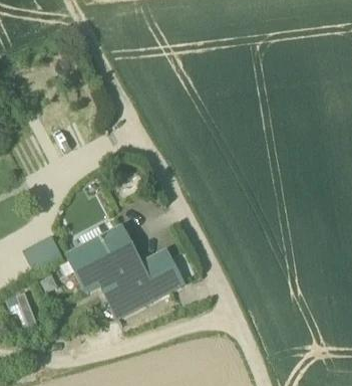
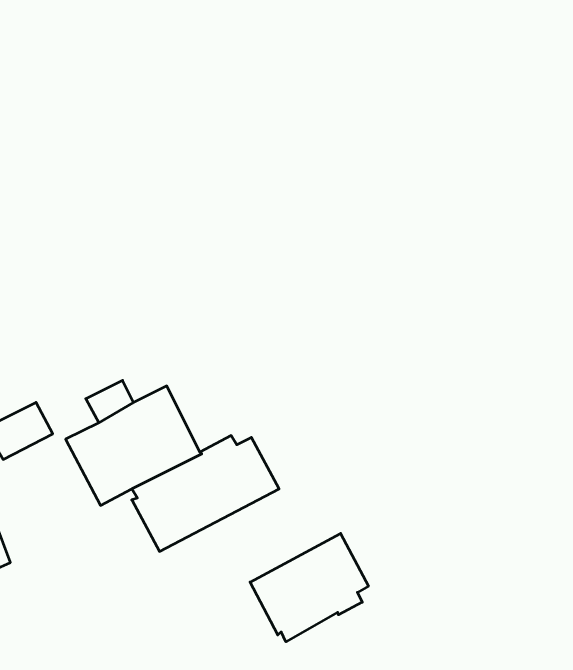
building: none -> [250,533,368,642]

